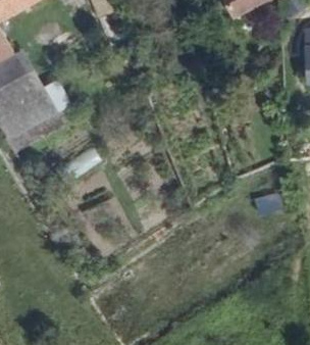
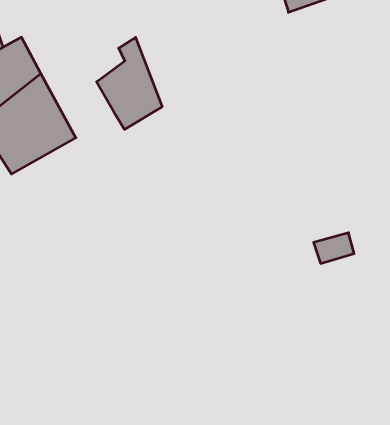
building: none -> [97,37,162,129]

